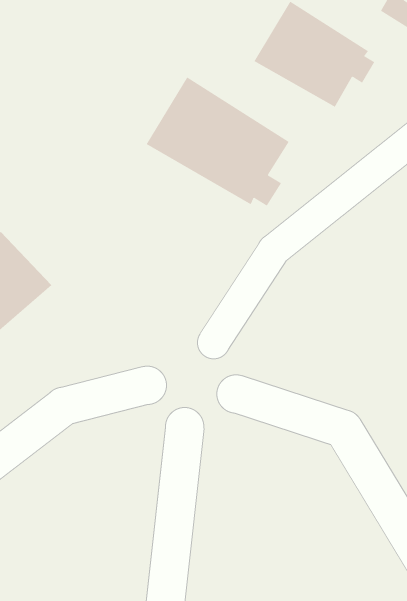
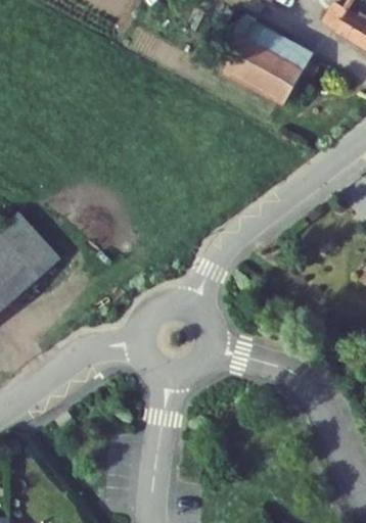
building: [146,77,289,206] -> none

